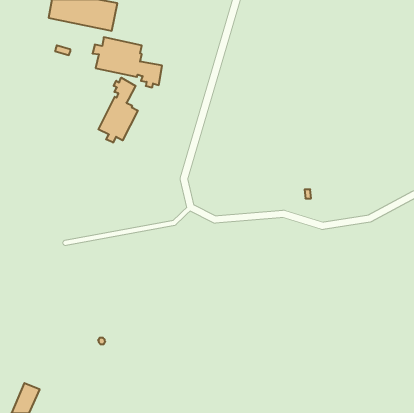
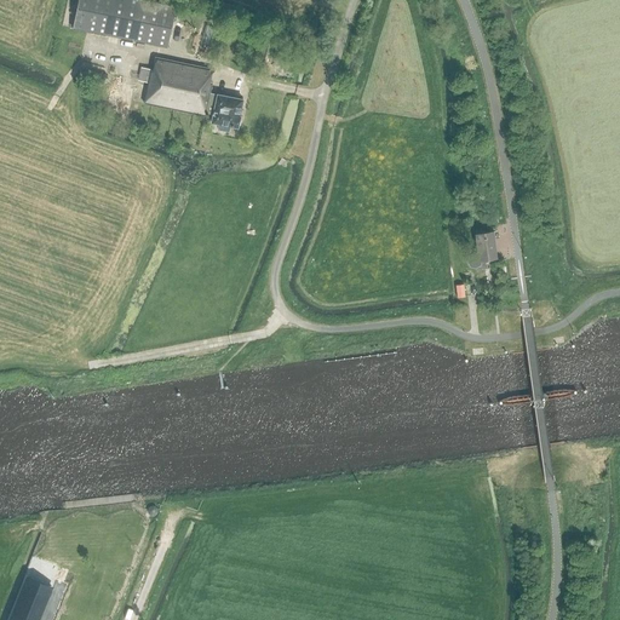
building: [98,78,138,143] -> none
building: none -> [466,231,496,266]

